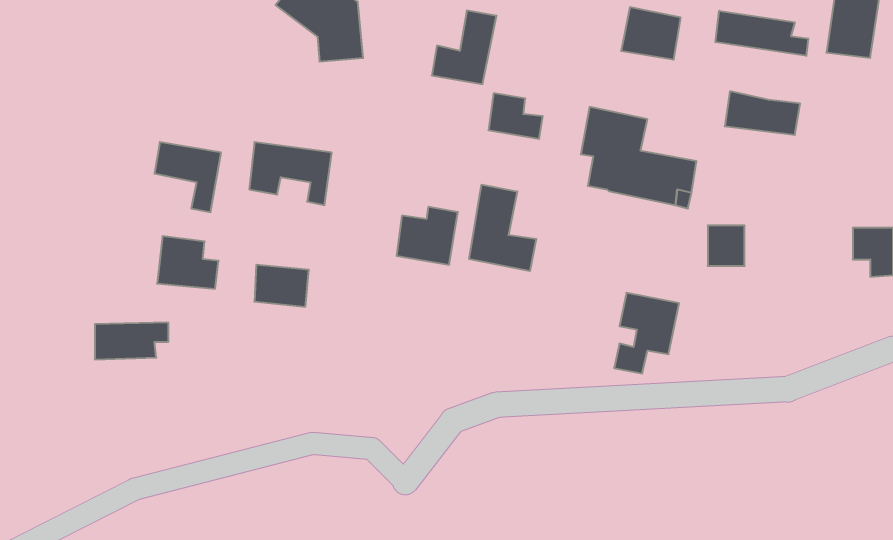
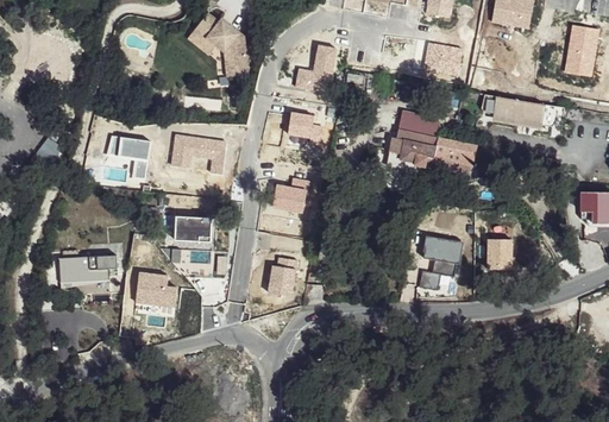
building: [716,11,808,56] -> none
building: [488,93,543,139] -> [287,109,324,140]
building: [469,185,536,271] -> none
building: [708,226,745,266] -> [488,238,513,265]
building: [157,236,219,289] -> [136,270,177,306]
building: none -> [265,257,297,298]

